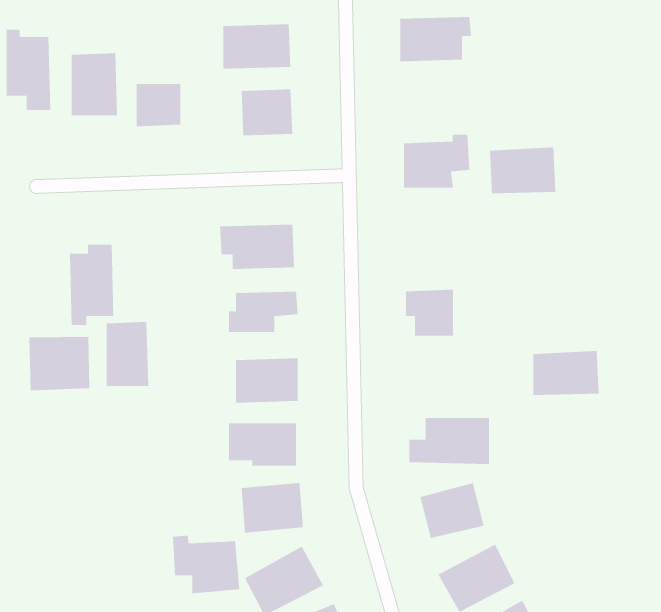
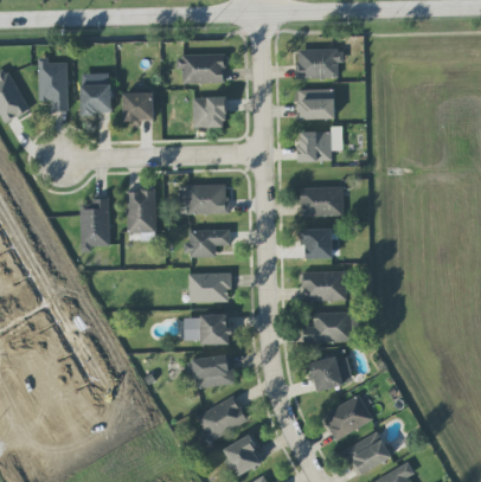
building: none -> [296,89,334,118]
building: [489,147,556,194] -> [299,186,342,217]
building: [106,321,149,386] -> [127,189,155,232]
building: [29,336,90,391] -> none
building: [533,350,599,396] -> [302,270,346,300]
building: [173,535,240,594] -> none

